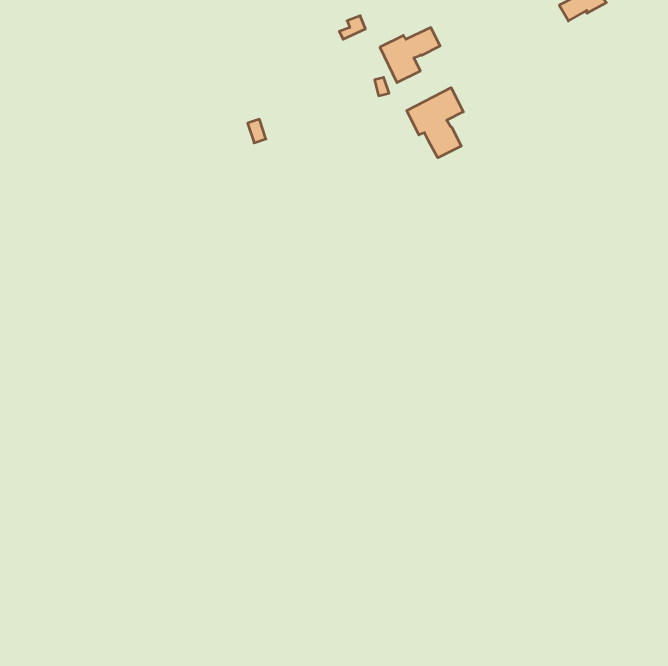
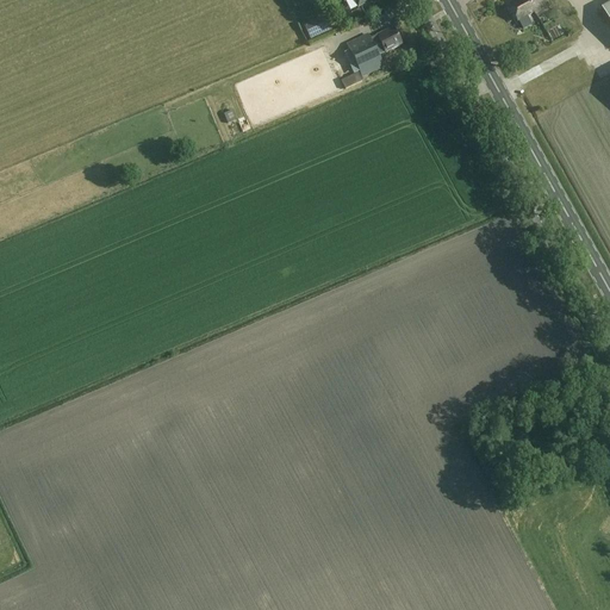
building: [407,88,463,158] -> none

